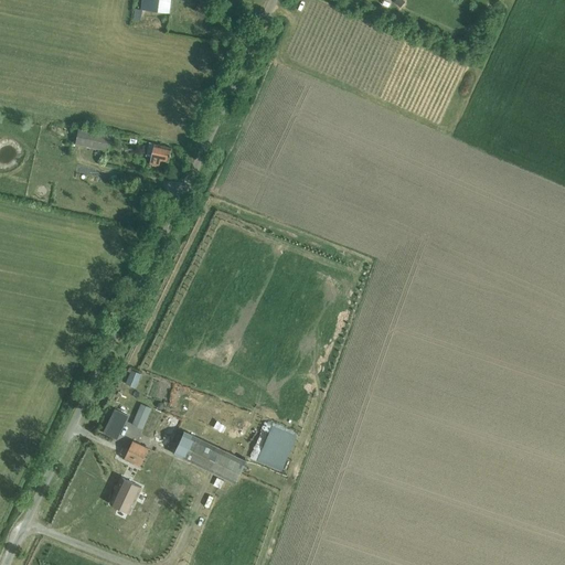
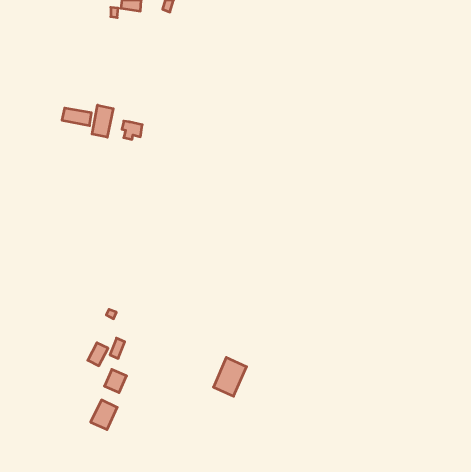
building: none -> [92,105,113,137]
building: [171,430,244,483] -> none

